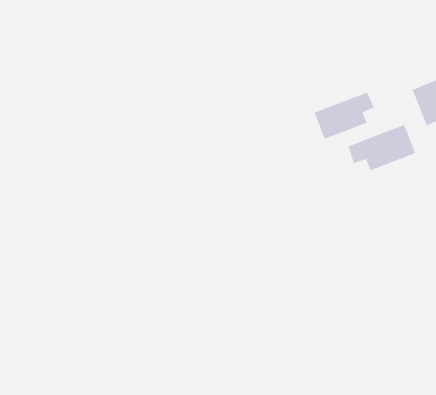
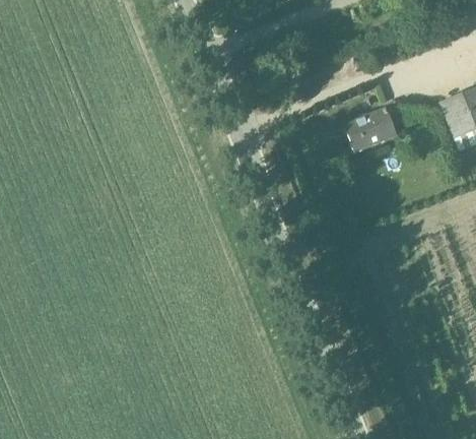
building: [348,124,416,171] -> none

